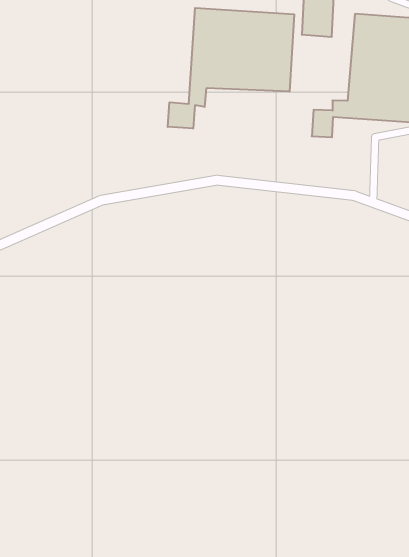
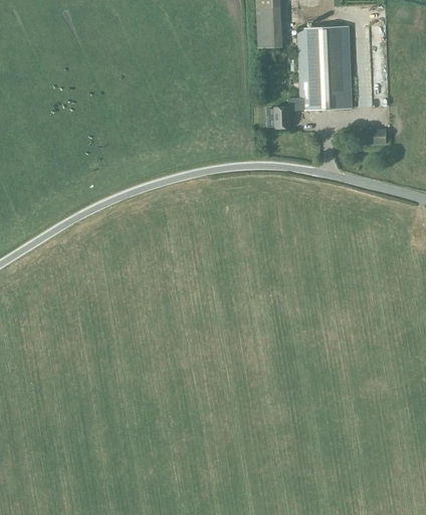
building: [168,8,294,129] -> none

